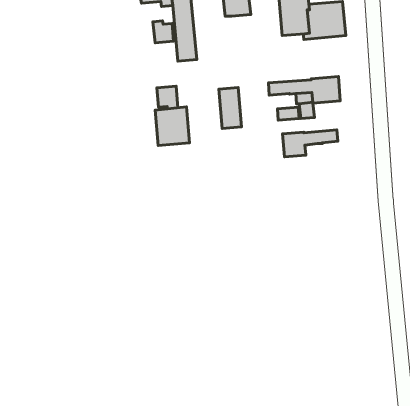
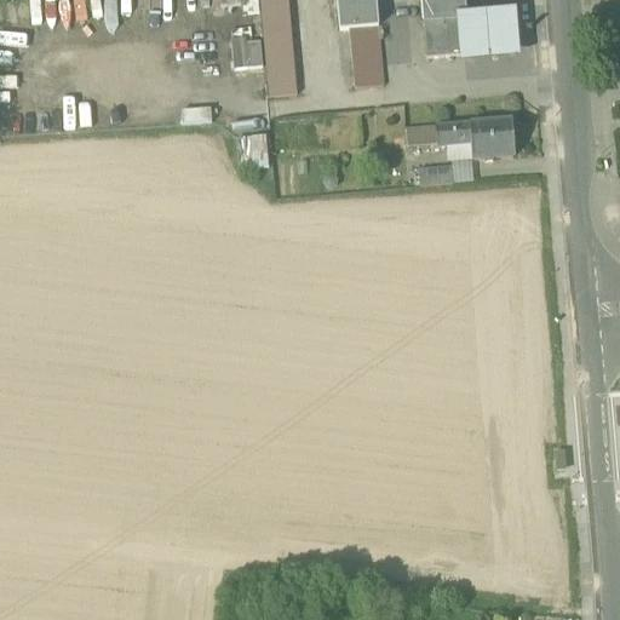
building: [219,87,241,129] -> [350,22,384,84]
building: [155,107,190,145] -> none
building: [282,130,338,157] -> none

